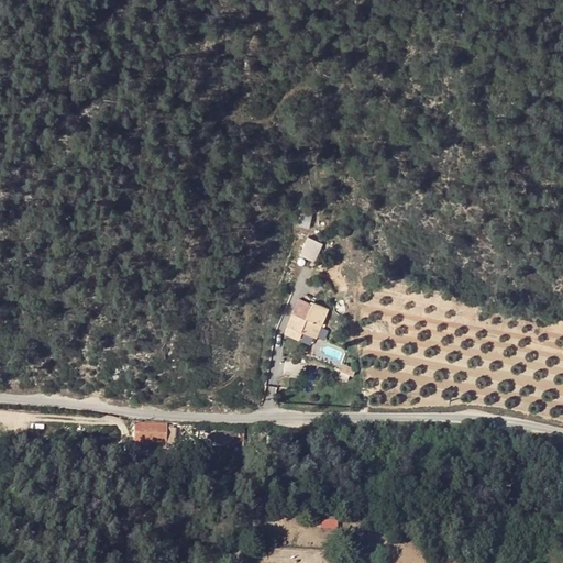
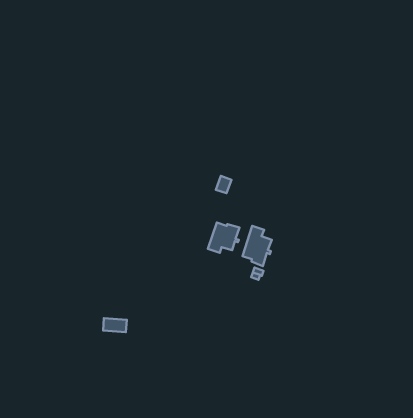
building: none -> [242,226,272,266]

